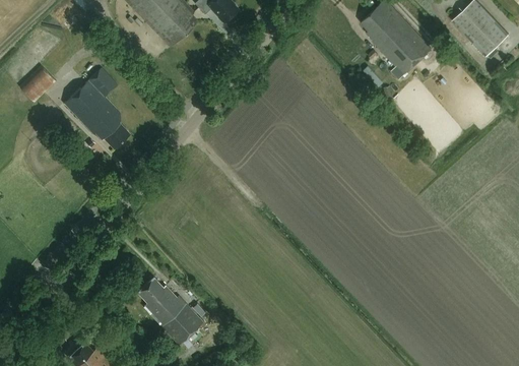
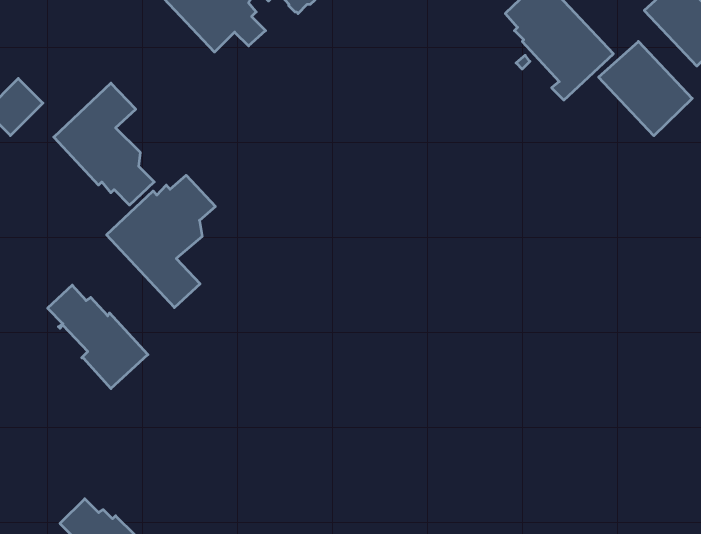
building: none -> [599,41,692,136]
building: none -> [107,175,215,308]
building: [137,278,203,346] -> [48,285,148,389]

